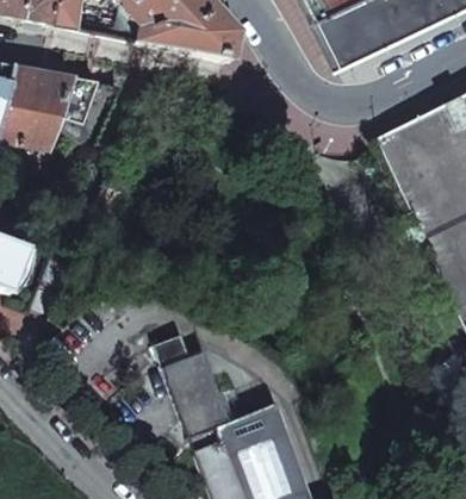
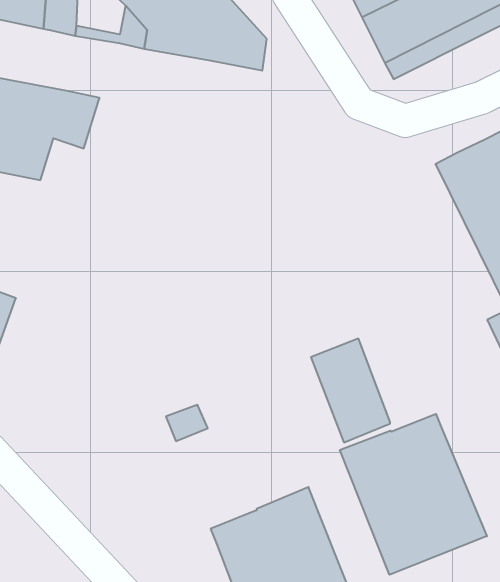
building: none -> [340,414,487,575]
building: [167,353,232,438] -> [311,339,390,442]

